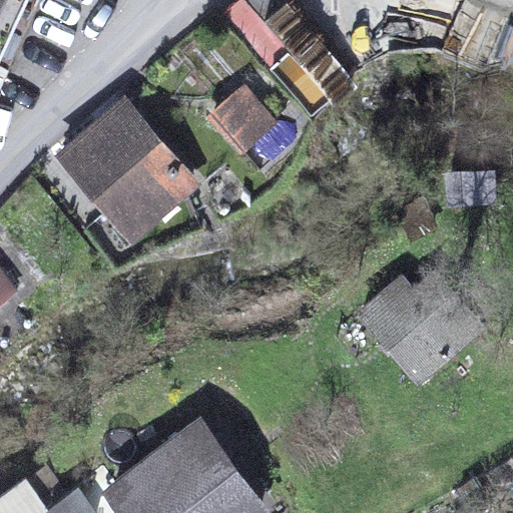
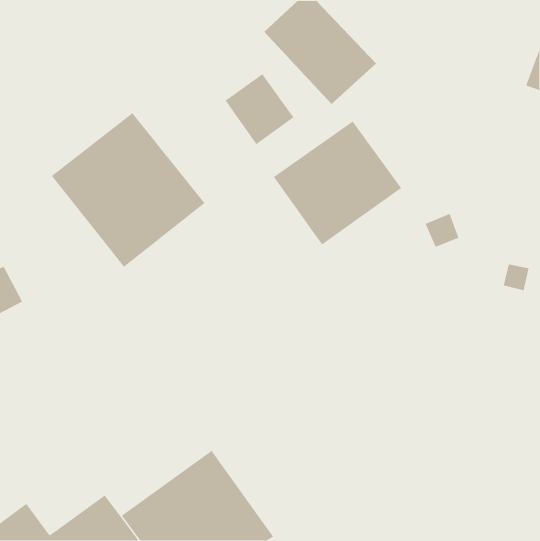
building: none -> [273,120,402,245]
building: [364,273,481,377] -> none

